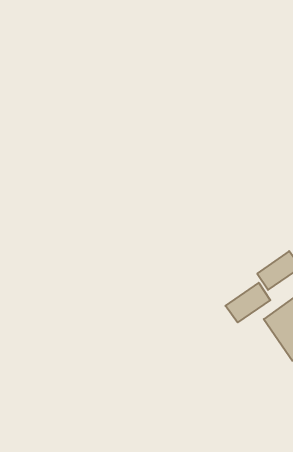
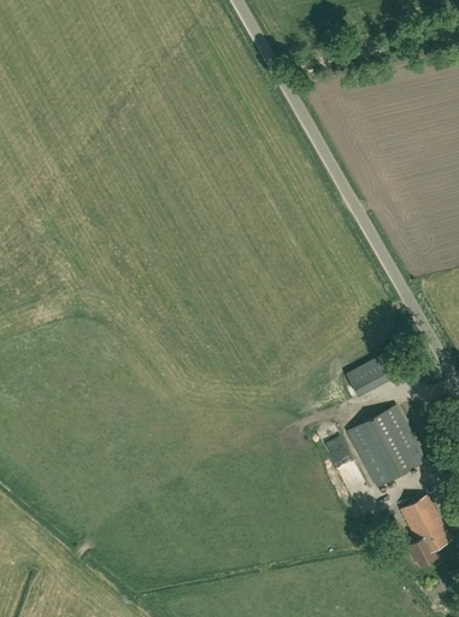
building: [225,283,270,322] -> none

